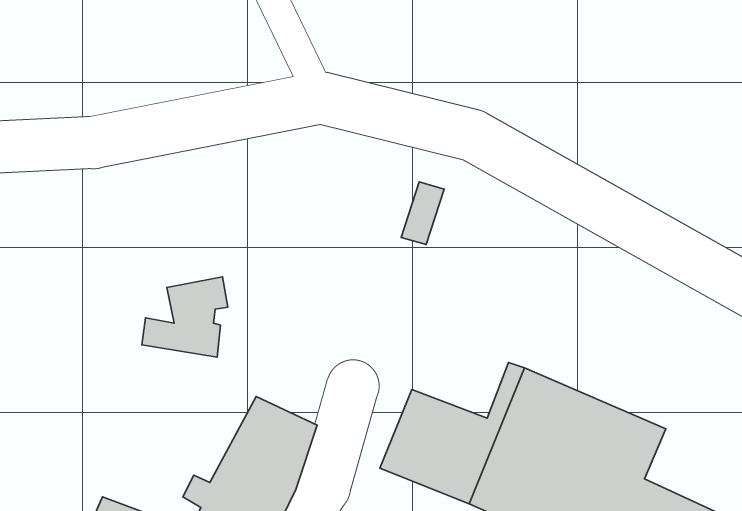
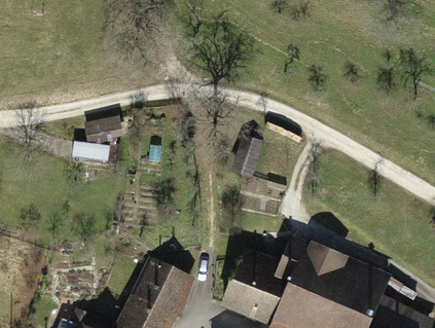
building: [142,277,228,357] -> [72,116,121,162]

